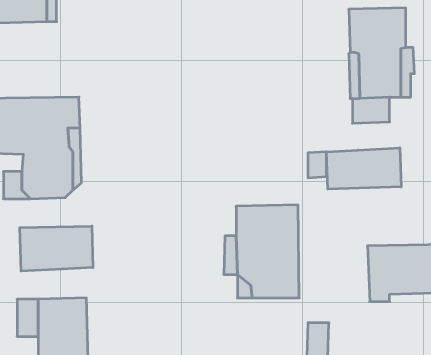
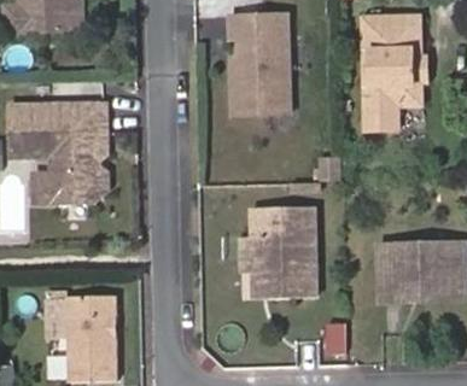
building: none -> [230,14,290,113]
building: [326,148,401,189] -> none
building: [20,226,93,271] -> none

